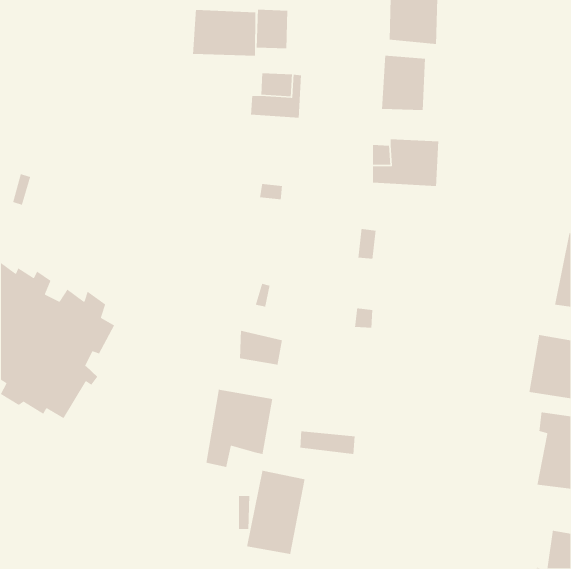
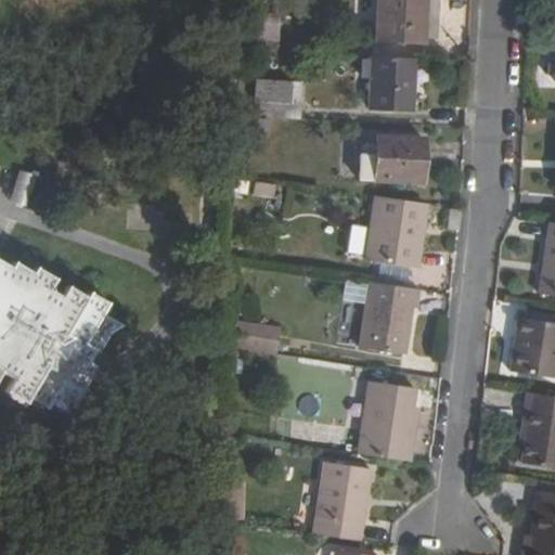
building: [192,9,256,56] -> none
building: none -> [364,194,422,271]
building: none -> [359,284,420,358]
building: [205,389,273,468] -> none
building: none -> [361,382,413,464]
building: [246,470,306,555] -> [314,459,372,541]

